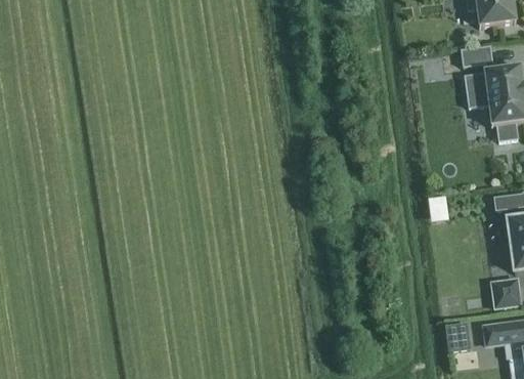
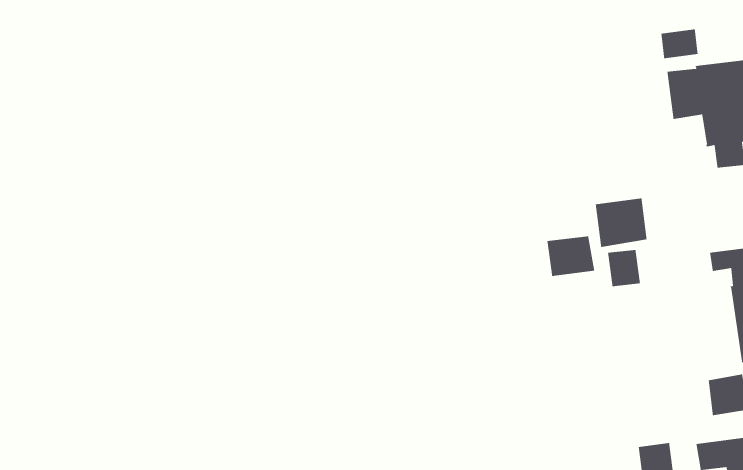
building: none -> [595,198,647,248]
building: none -> [547,235,595,277]

